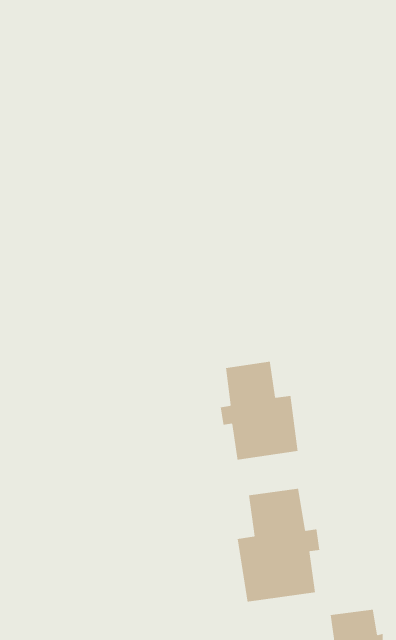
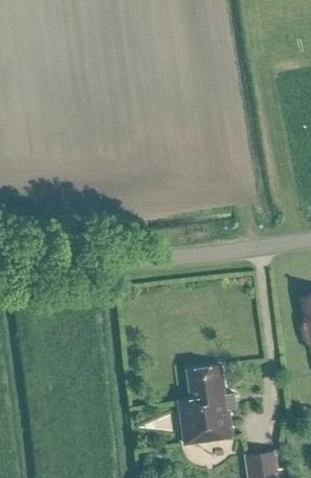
building: [220,361,298,460] -> none

